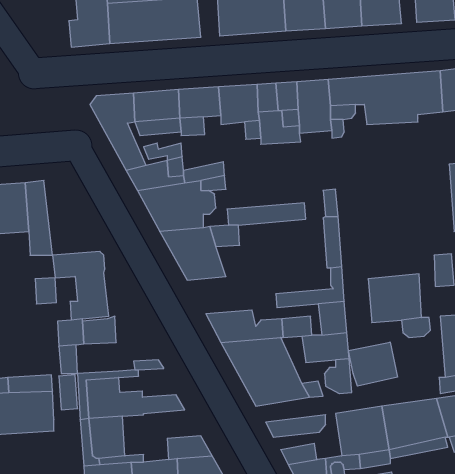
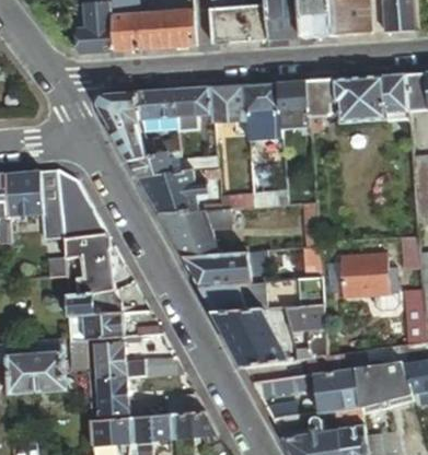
building: none -> [56,170,105,235]
building: none -> [182,252,248,287]
building: [349,342,397,386] -> none
building: none -> [84,312,122,339]

